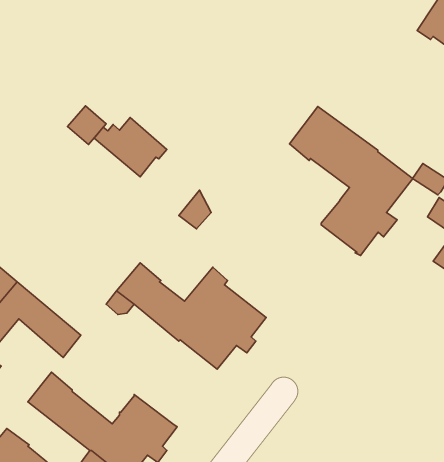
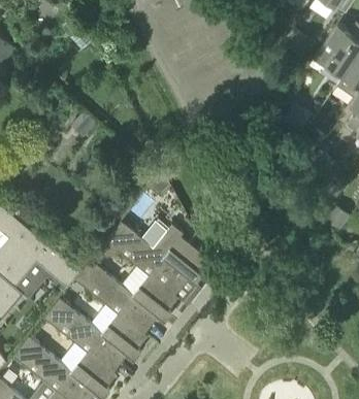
building: [289,106,413,256] -> none
building: [94,118,167,177] -> none
building: none -> [73,260,177,334]

